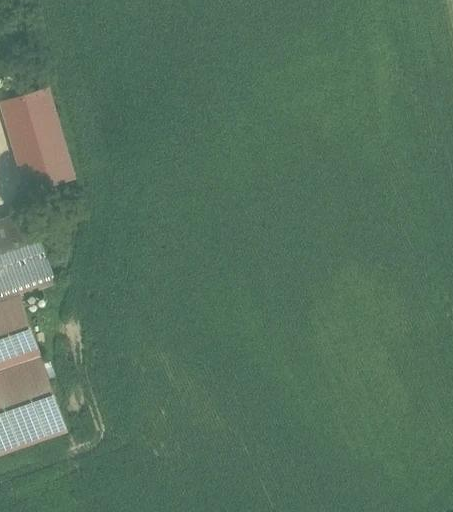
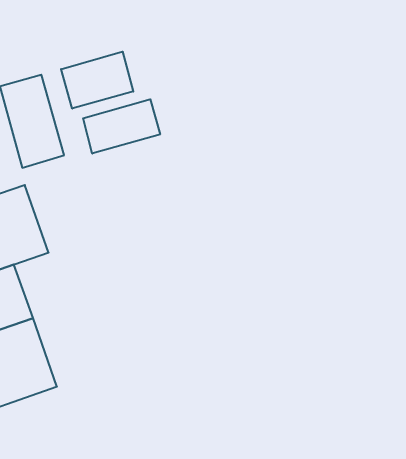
building: none -> [61,52,133,109]
building: none -> [83,99,160,154]

